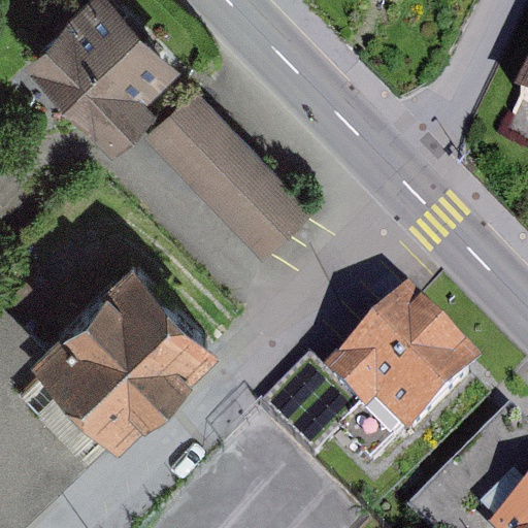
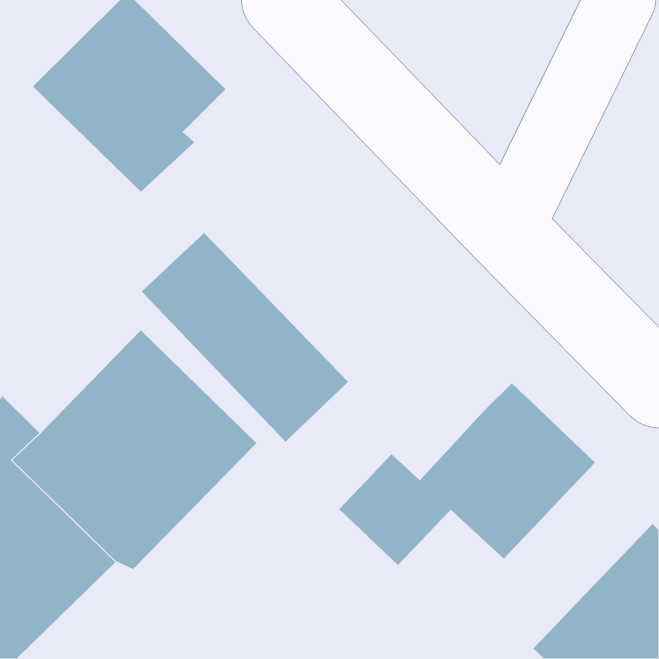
building: [147,93,314,261] -> [141,232,349,443]

